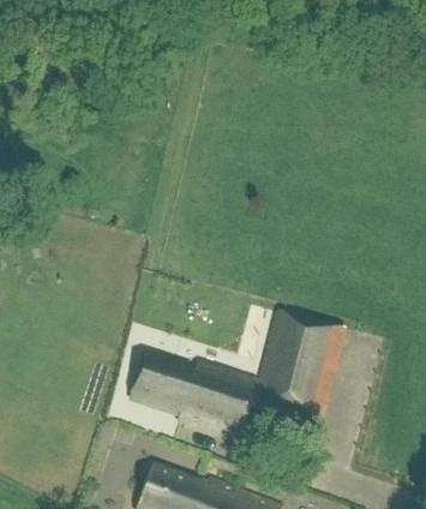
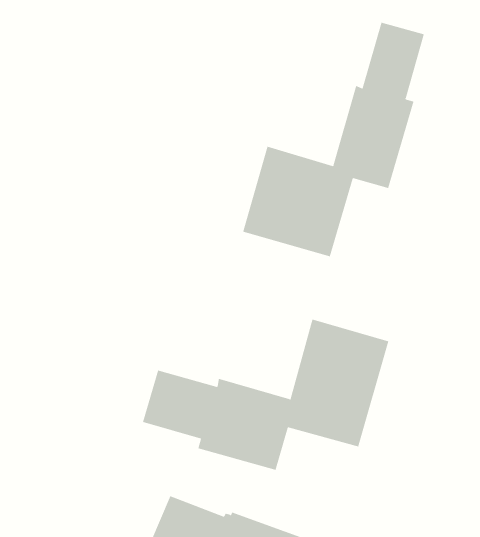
building: none -> [243,22,425,257]

